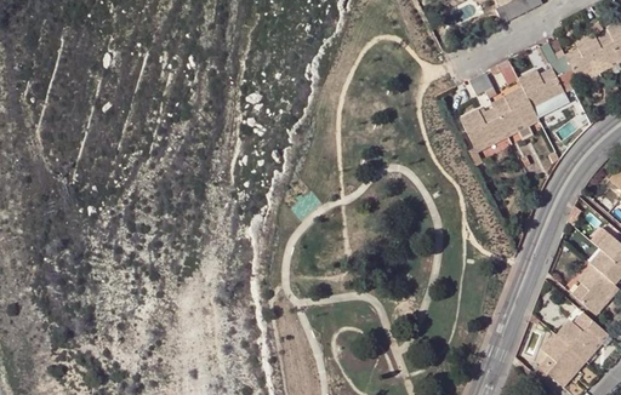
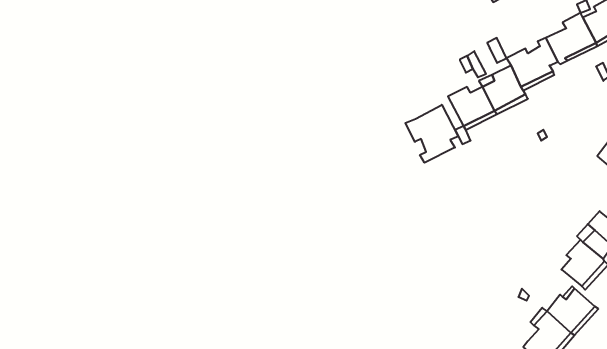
building: none -> [405,105,458,163]

